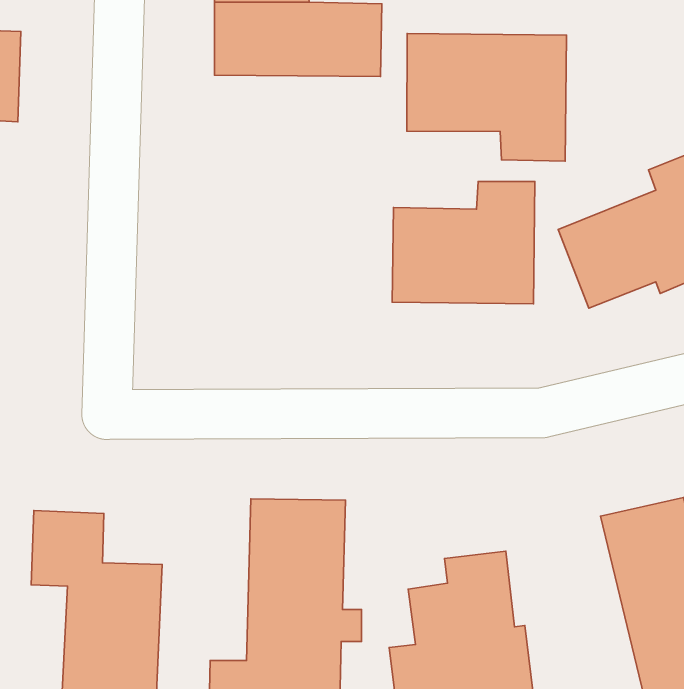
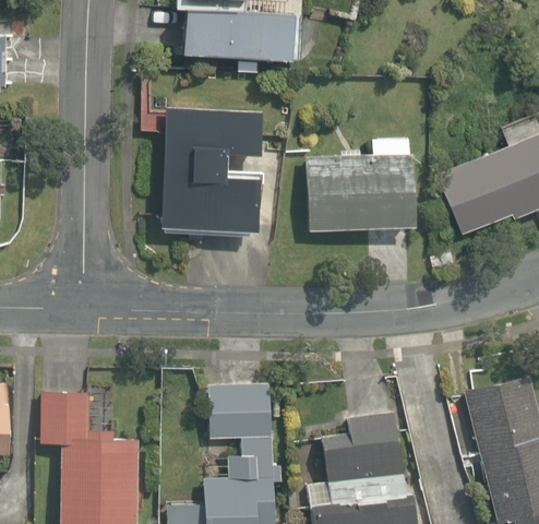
building: [407,34,566,161] -> none
building: none -> [160,104,263,234]

